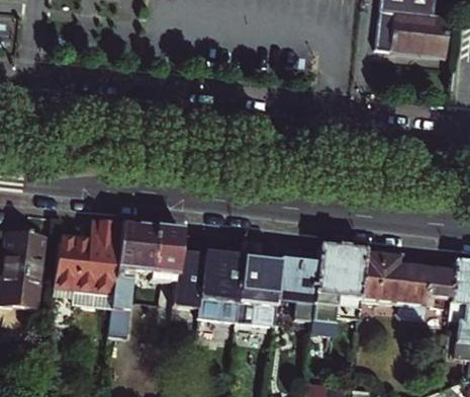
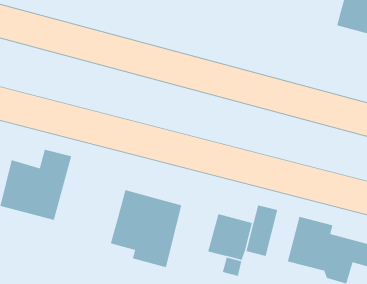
building: [109,222,183,337] -> none
building: [336,245,365,317] -> none
building: [237,255,281,327] -> none

